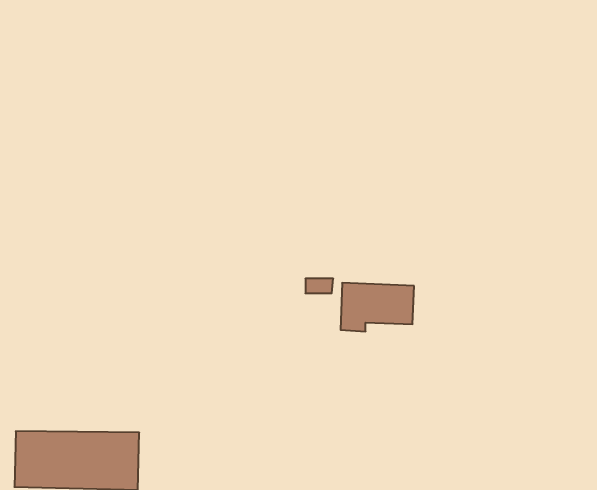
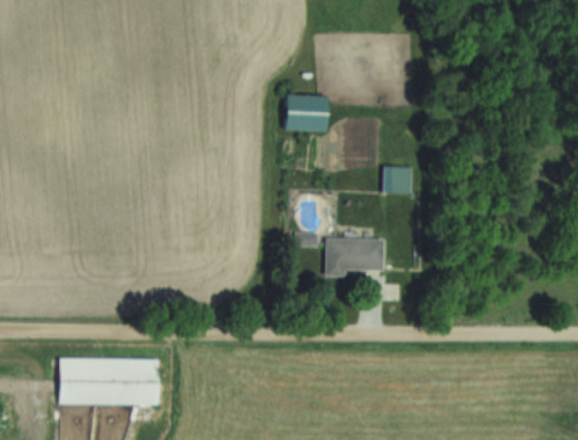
building: none -> [285,94,328,131]
building: none -> [383,166,414,194]

